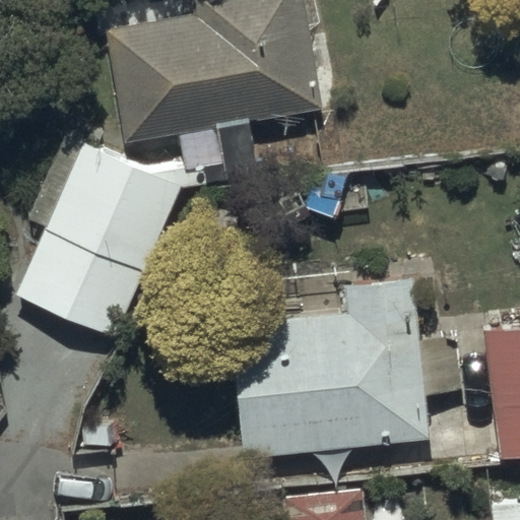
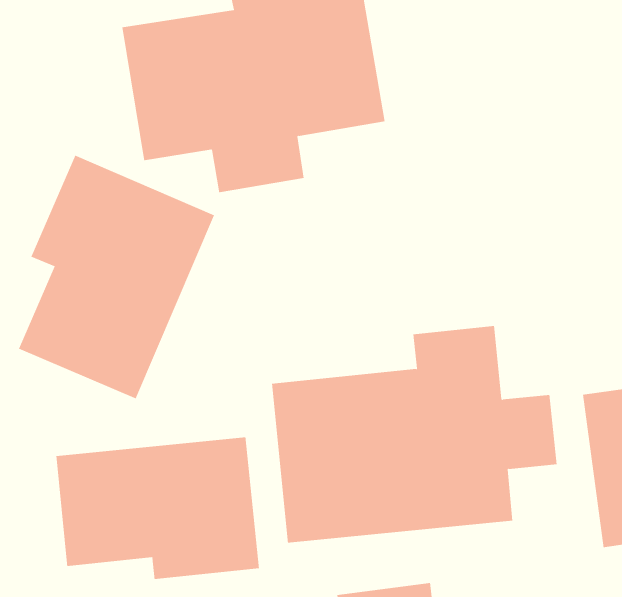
building: none -> [56,437,259,580]

